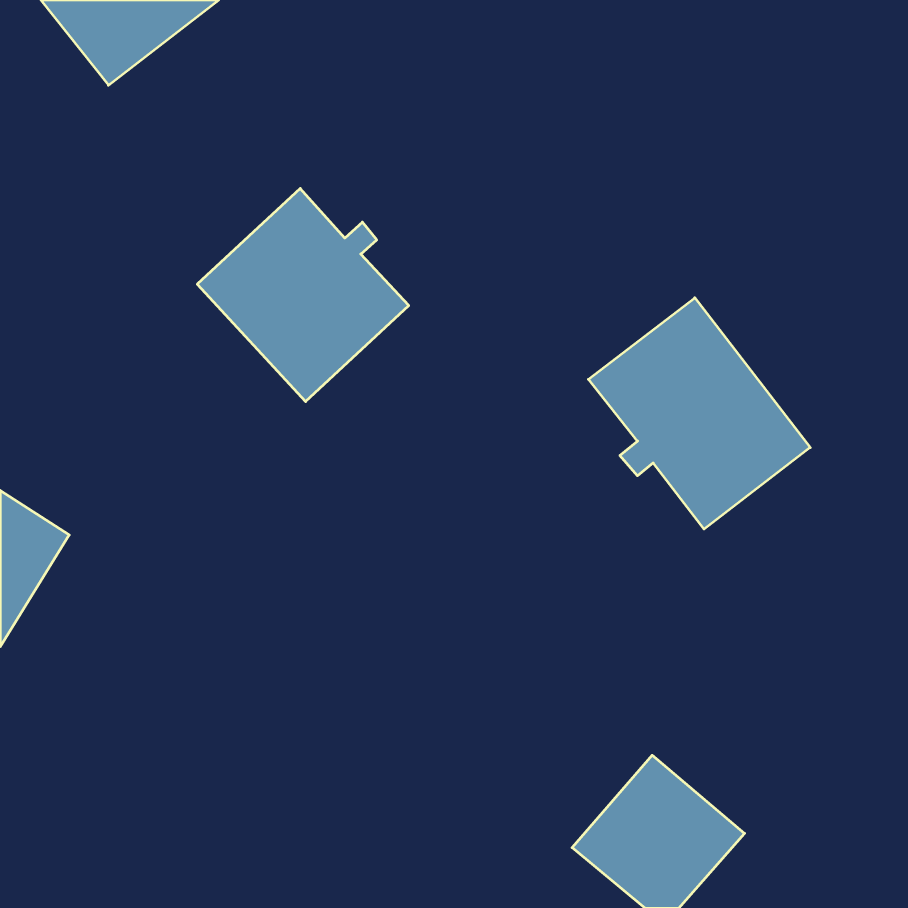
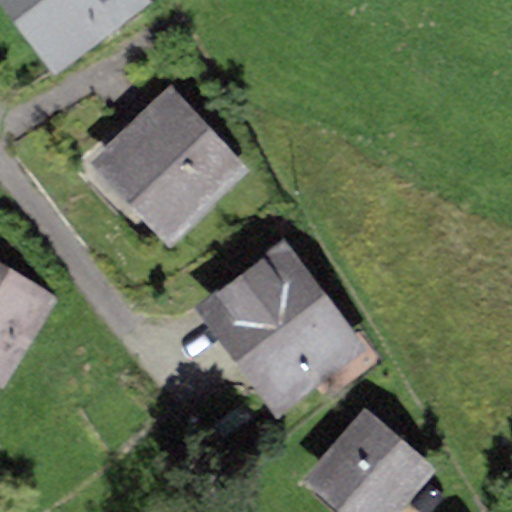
building: [588,298,810,529] -> none
building: none -> [221,264,342,389]

